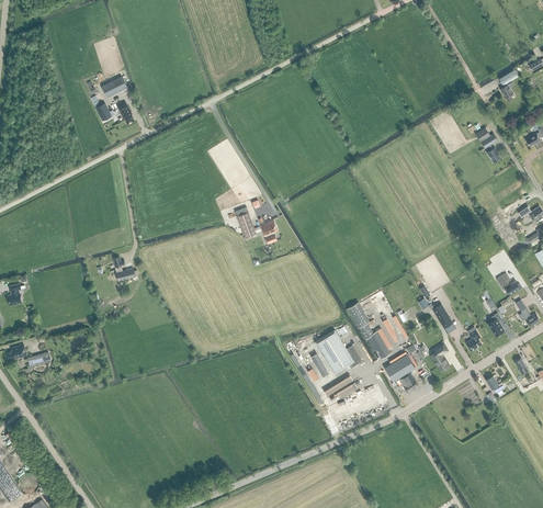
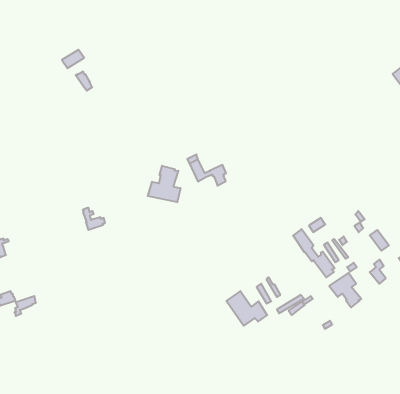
building: none -> [148,166,180,202]
building: [317,330,362,370] -> [226,291,267,326]

